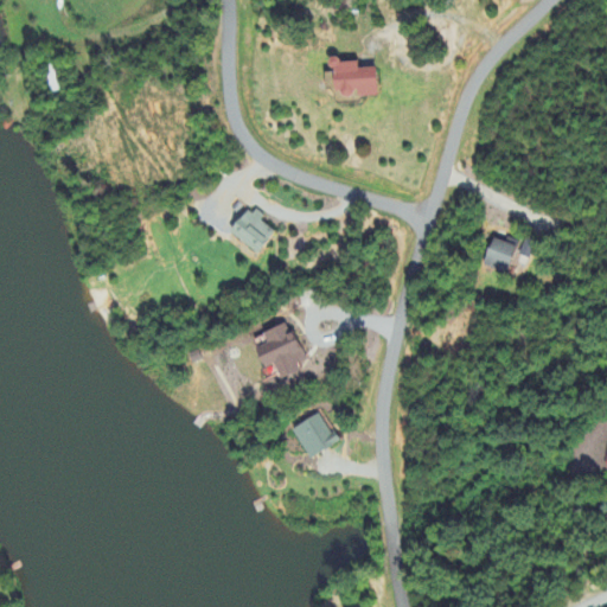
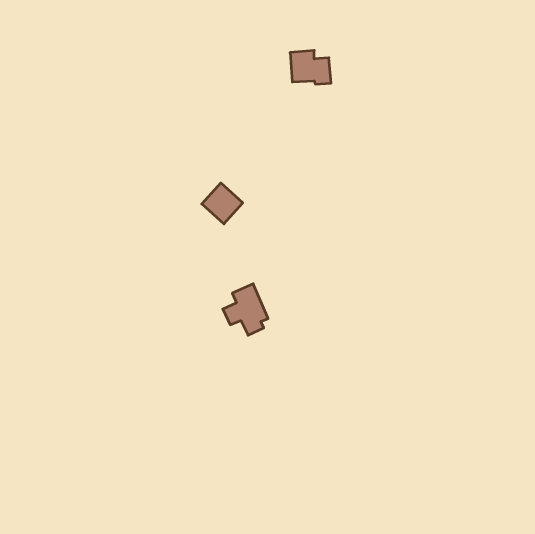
building: [485,236,517,270] -> none
building: [293,411,339,458] -> none

